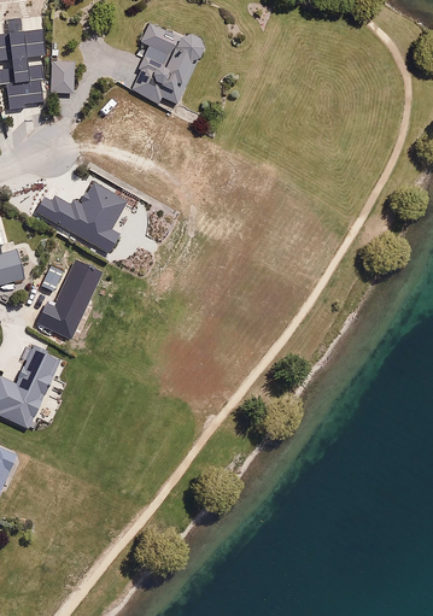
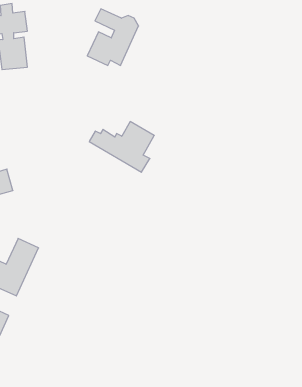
building: [48,59,75,93] -> none
building: [34,182,125,253] -> [89,122,154,172]
building: [46,269,99,329] -> none

